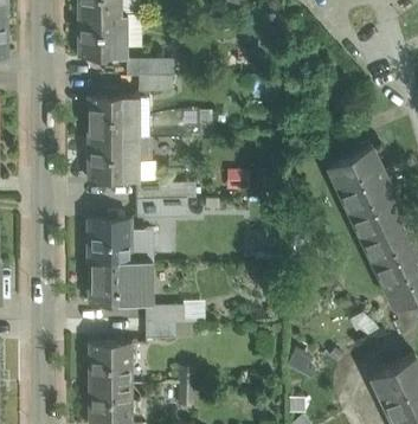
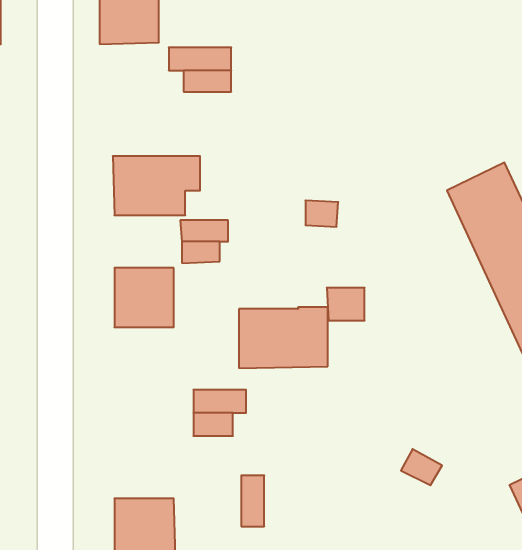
building: [88,96,131,139] -> none
building: [89,261,153,304] -> [239,307,328,368]
building: [89,343,131,385] -> none

